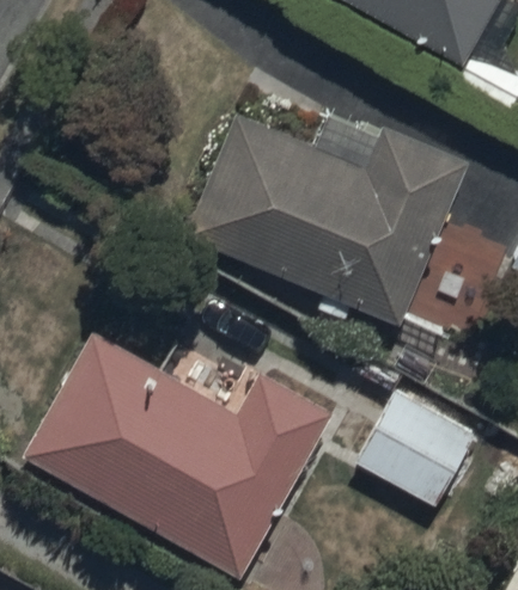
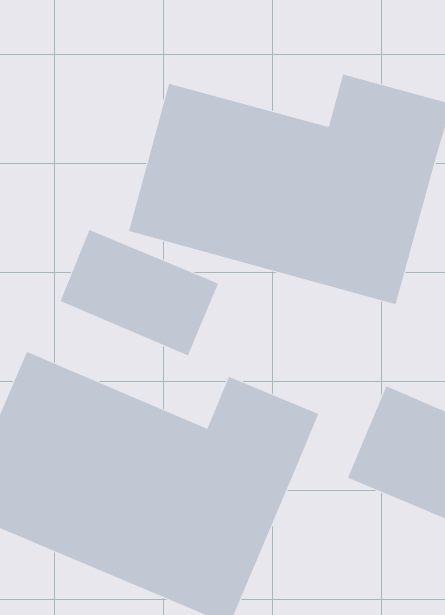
building: none -> [60,229,219,356]

